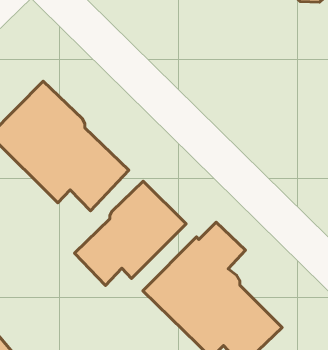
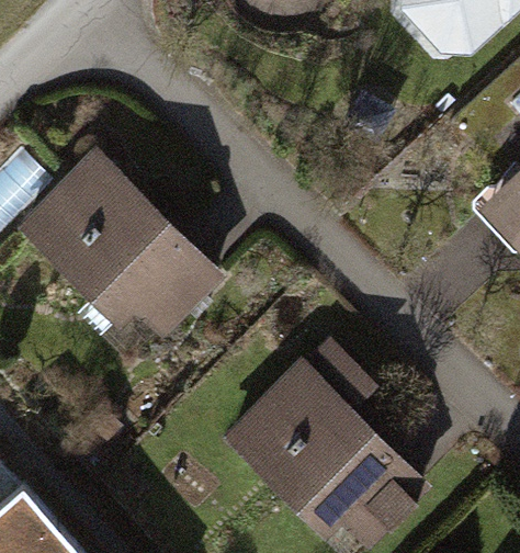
building: [75,181,186,285] -> none

